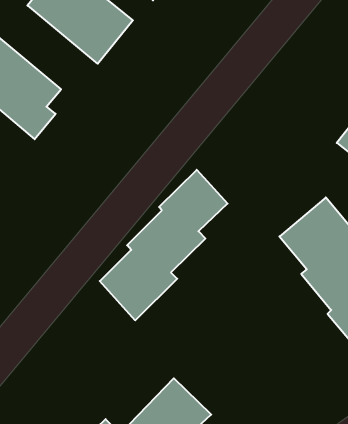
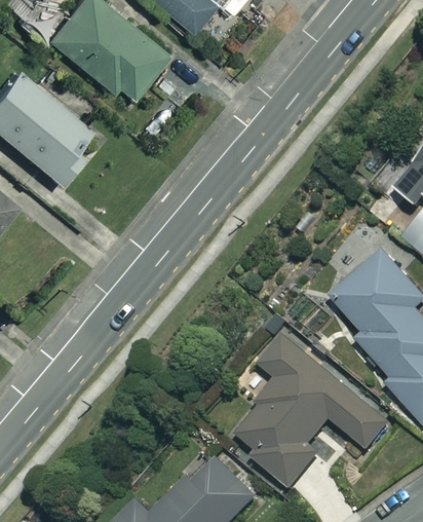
building: [100,170,228,320] -> none
building: none -> [233,333,388,486]

